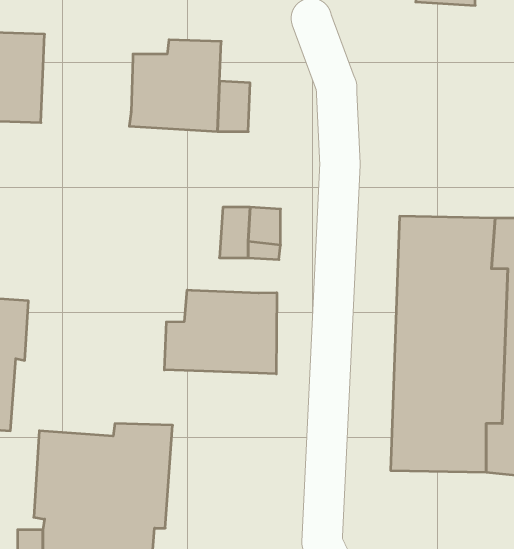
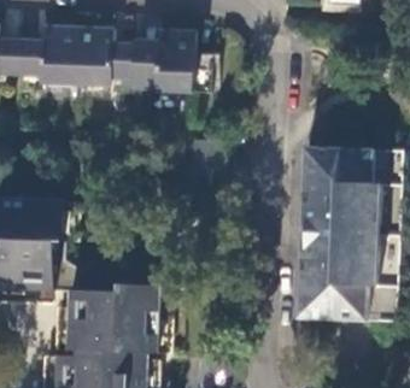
building: none -> [69,27,130,87]
building: [164,290,277,374] -> none

